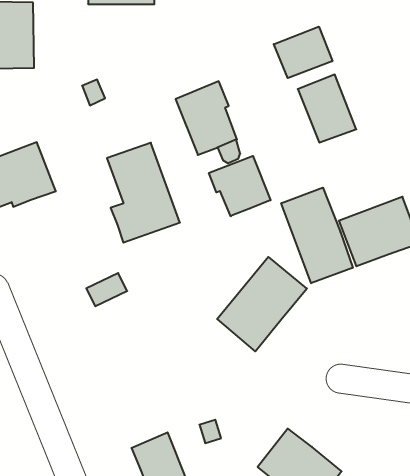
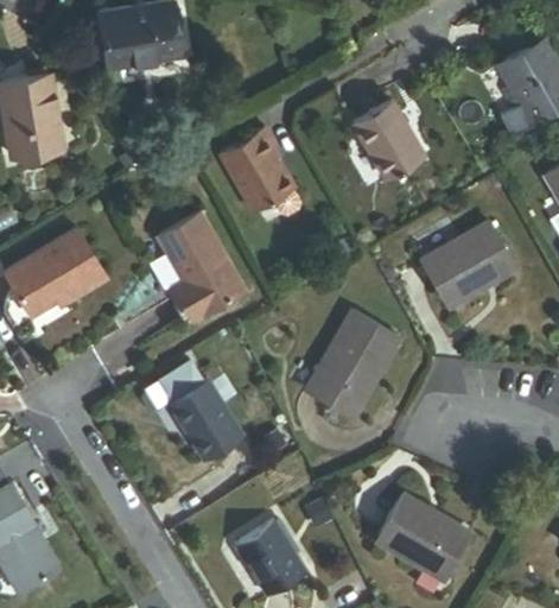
building: [274,27,332,78] -> none
building: [209,156,271,216] -> none
building: [281,188,353,283] -> none
building: none -> [169,381,242,461]

